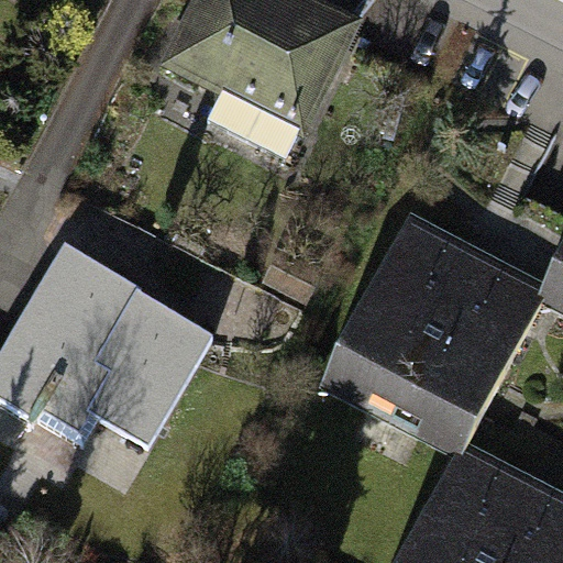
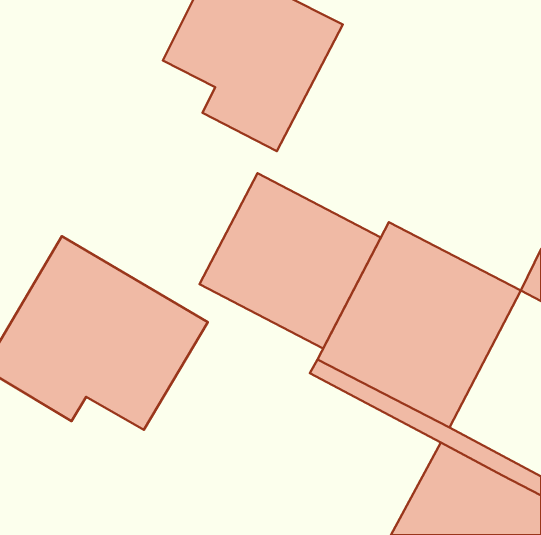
building: none -> [200,173,381,349]

